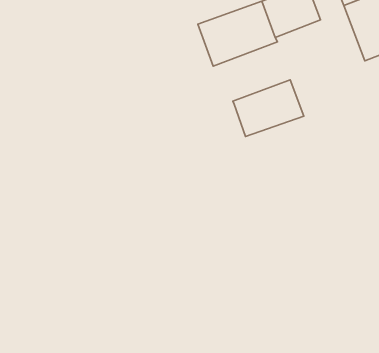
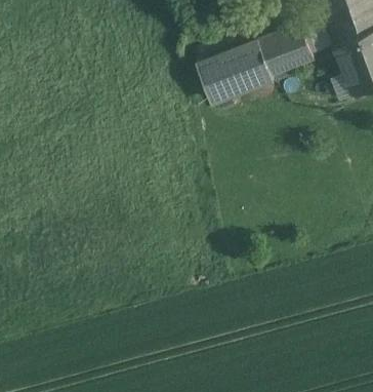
building: [233,80,304,136] -> none

